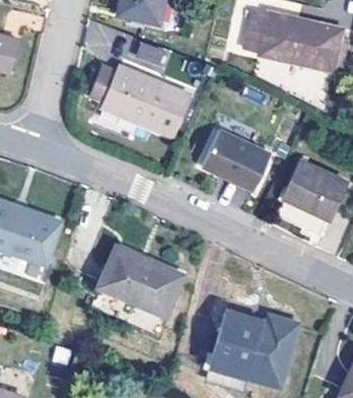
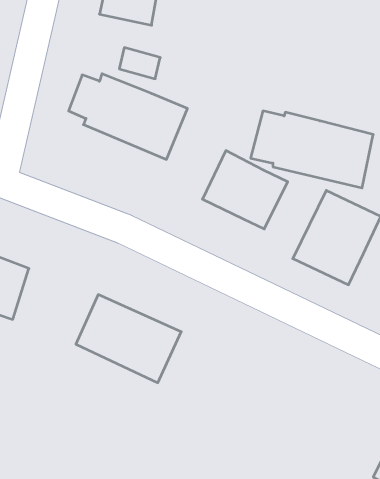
building: [241,8,342,71] -> [251,111,373,188]
building: [211,308,297,386] -> none

